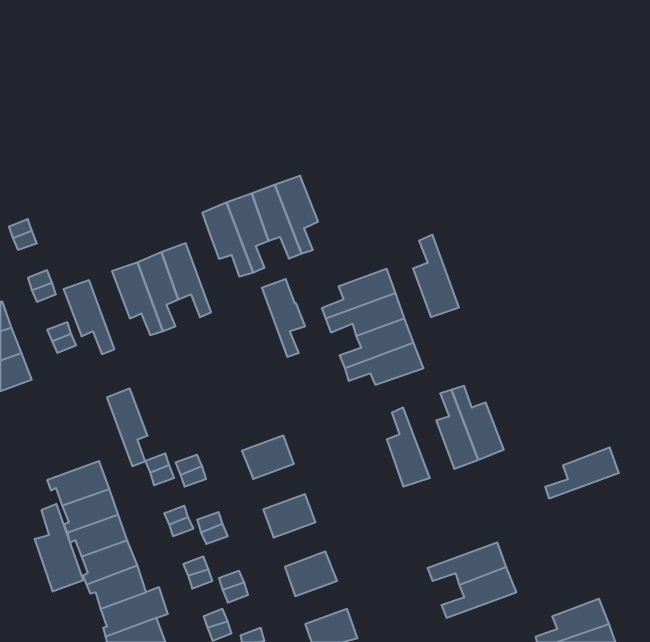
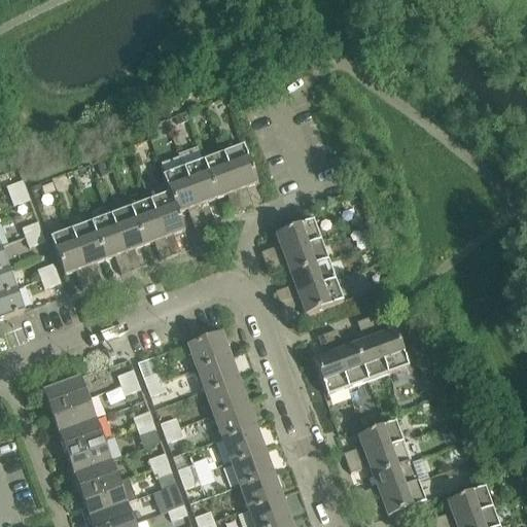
building: [413,235,459,317] -> none
building: [262,279,305,357] -> [150,189,185,252]
building: [107,389,148,466] -> [72,219,105,282]
building: none -> [326,325,367,386]
building: none -> [187,328,230,364]
building: [545,448,619,498] -> [343,418,402,459]
building: none -> [205,375,247,412]
building: [35,504,83,592] -> none
building: none -> [221,422,264,458]
building: none -> [239,469,281,504]
building: none -> [361,479,425,514]

